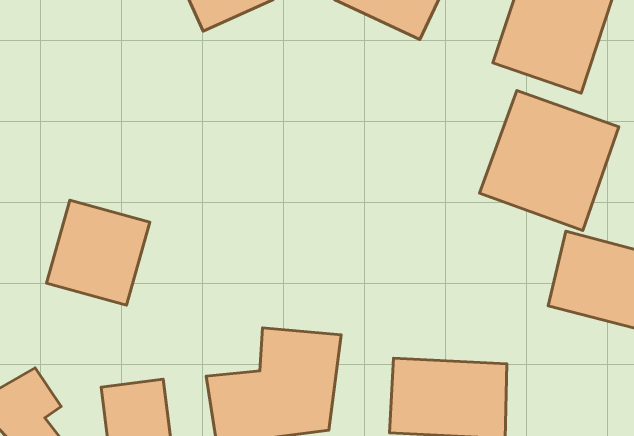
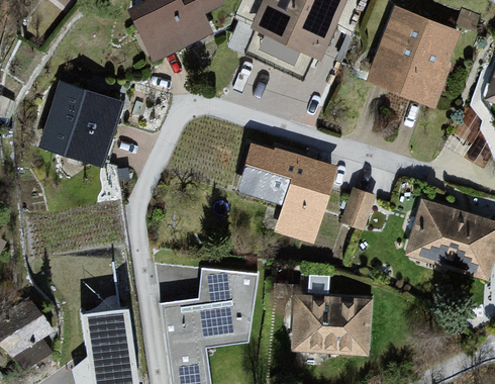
building: [479,90,619,231] -> none
building: none -> [237,146,333,237]
building: [46,200,150,305] -> [43,85,119,162]
building: none -> [337,183,374,227]

